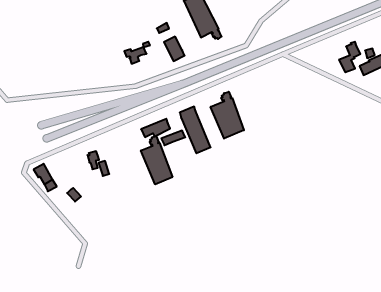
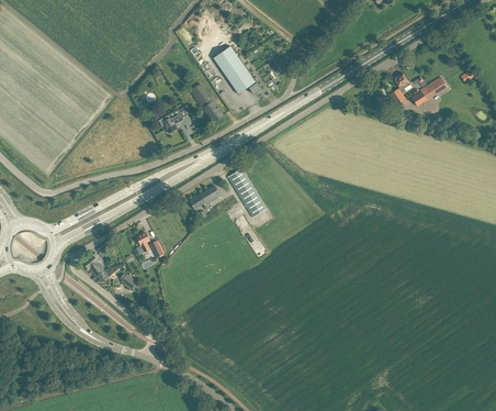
building: [211,92,244,139] -> none
building: [141,136,172,184] -> none

